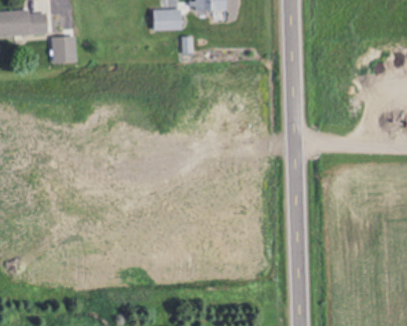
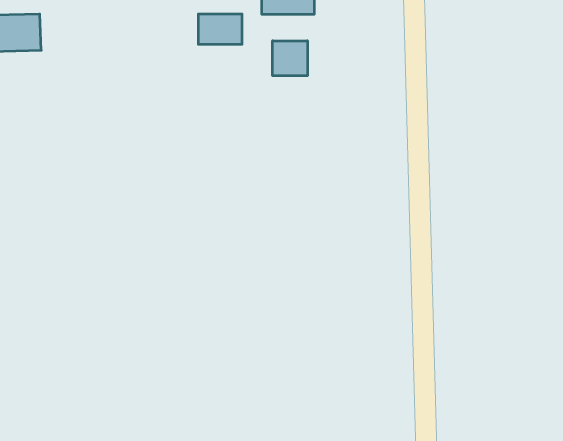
building: none -> [273,41,307,76]
building: [53,38,71,62] -> none

